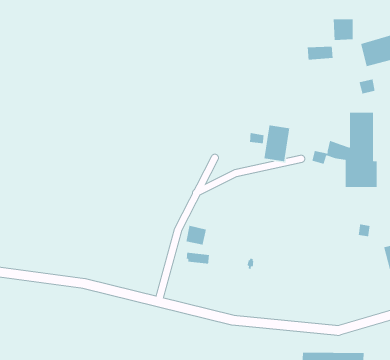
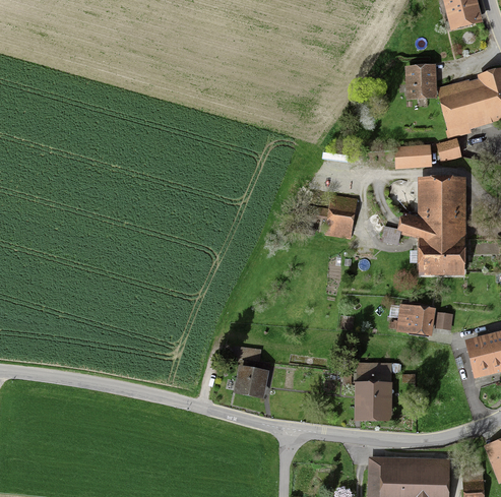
building: [307,46,333,60] -> [397,147,429,165]
building: none -> [398,304,435,334]
building: [185,225,207,245] -> [240,368,265,392]
building: none -> [361,362,392,413]

